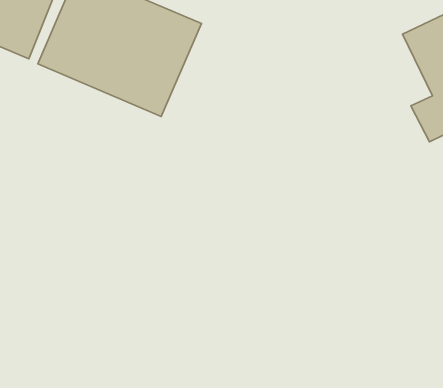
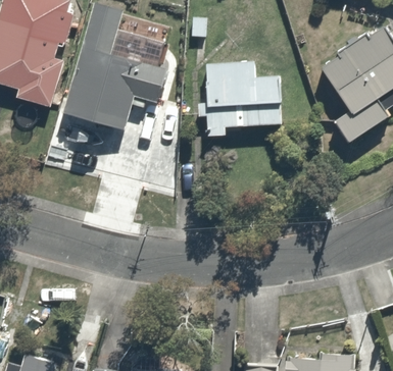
building: none -> [197,59,289,139]

